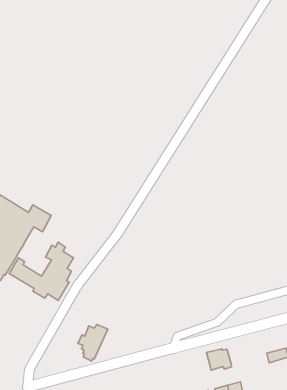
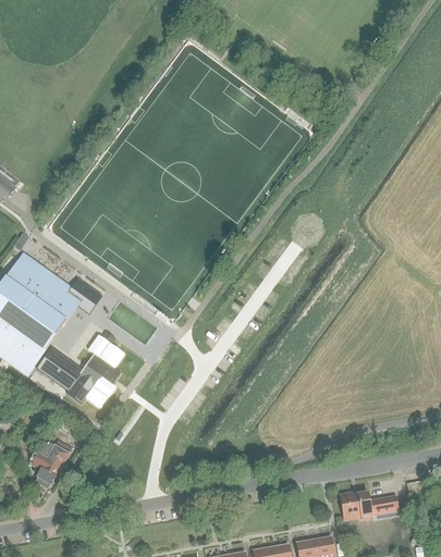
building: [78,324,108,361] -> [29,441,71,488]
building: [206,349,232,370] -> [339,492,370,519]

